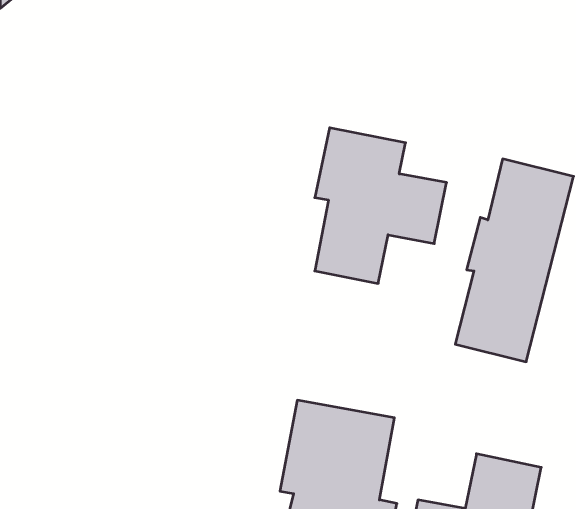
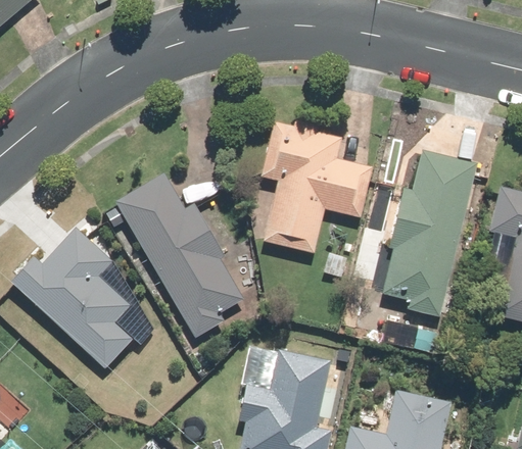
building: none -> [104,173,240,341]
building: none -> [13,229,137,367]

